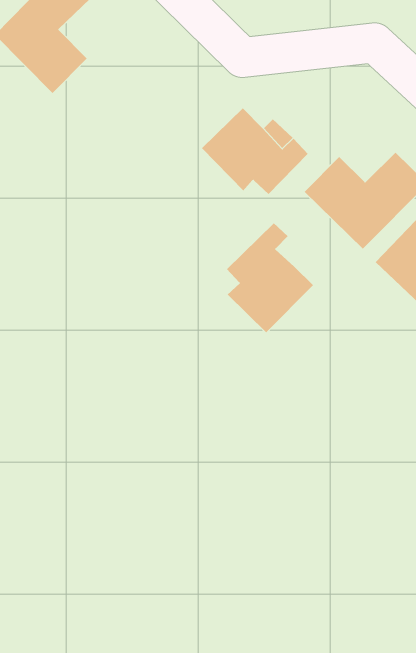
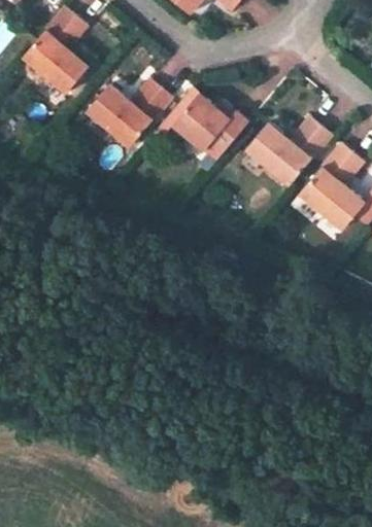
building: none -> [87,80,170,147]
building: [226,223,314,333] -> none

